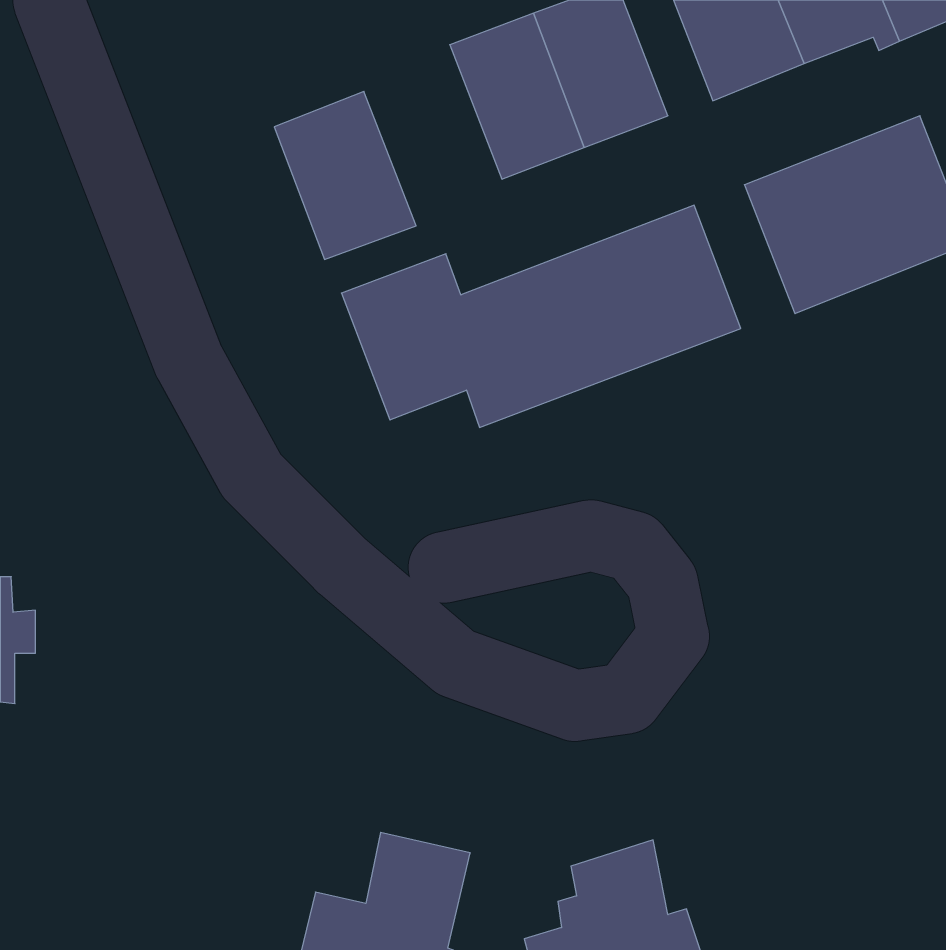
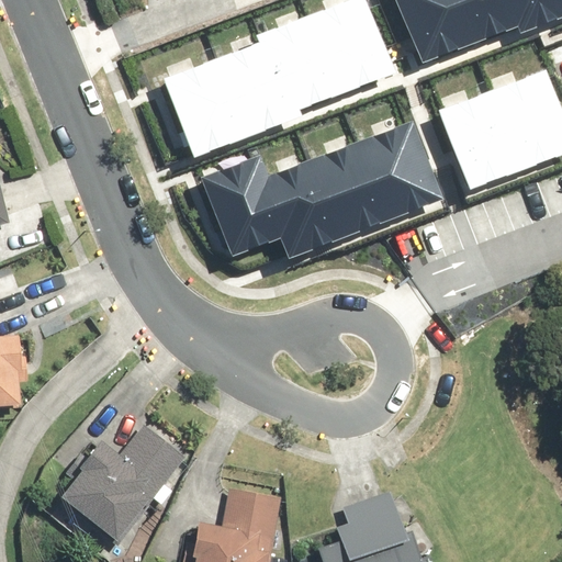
building: none -> [218,29,303,135]
building: none -> [50,428,184,550]

